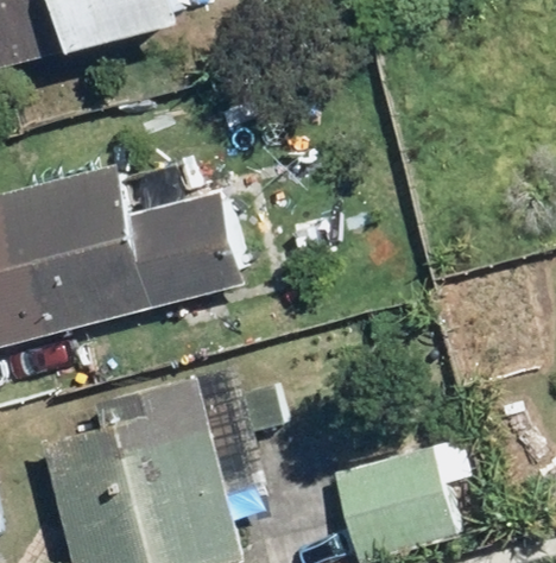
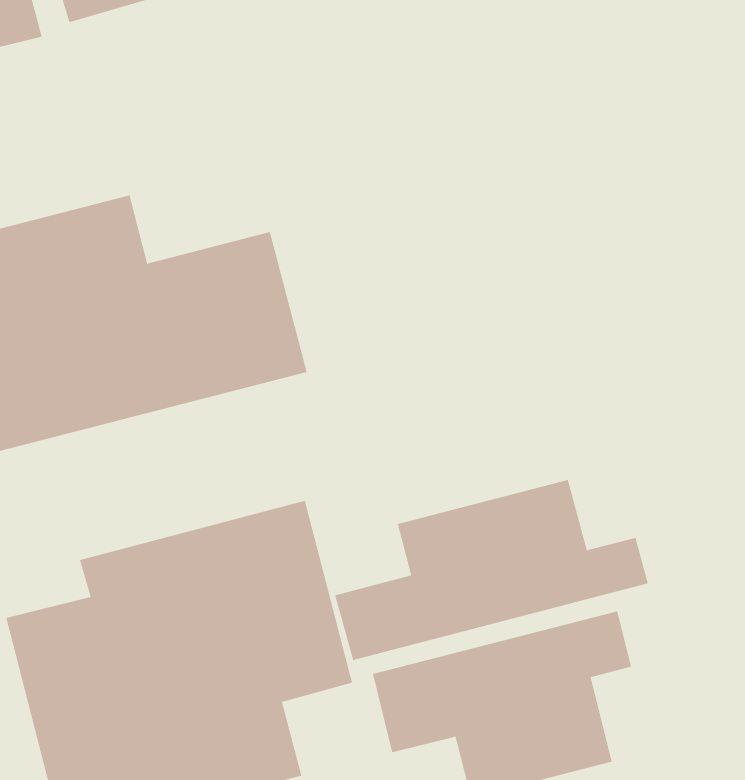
building: none -> [335,479,649,661]

